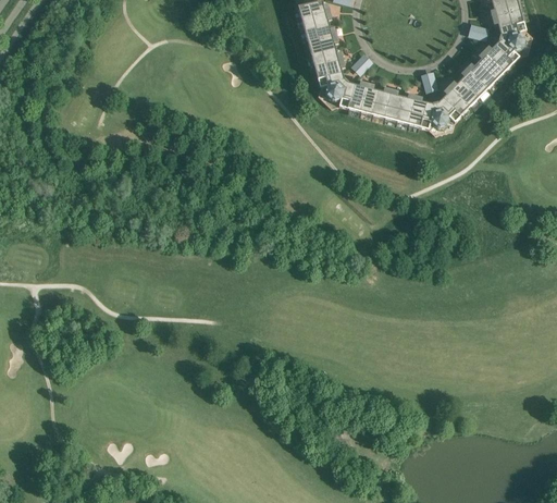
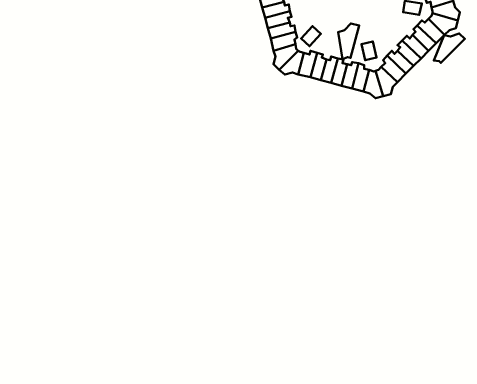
building: none -> [338,23,359,59]
building: none -> [434,33,465,63]

